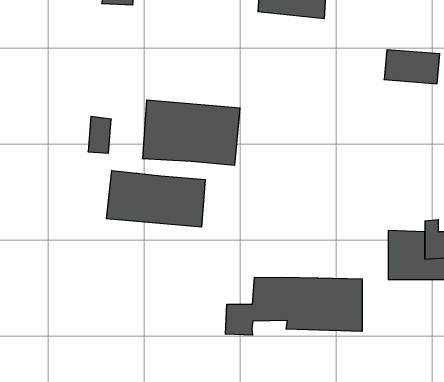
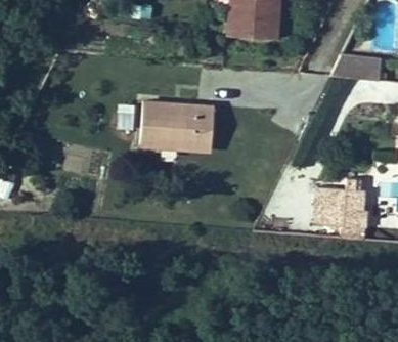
building: [107,170,205,227] -> none
building: [226,277,362,335] -> none

